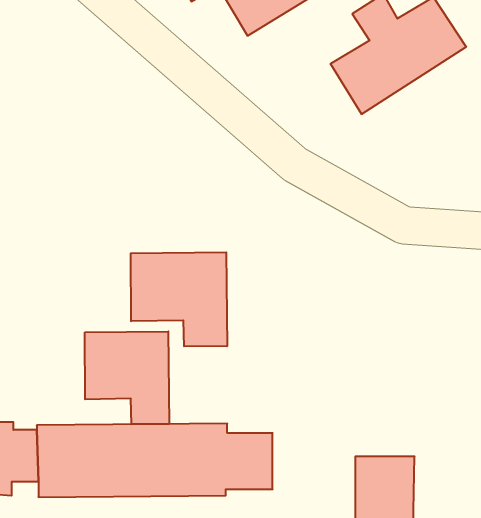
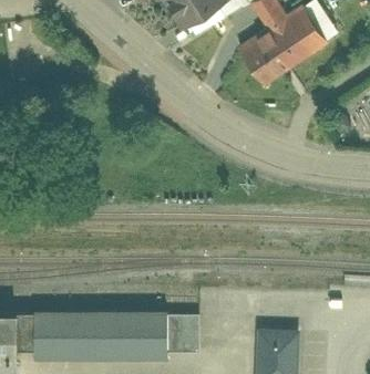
building: [131,252,227,346] -> none
building: [85,331,169,424] -> none

